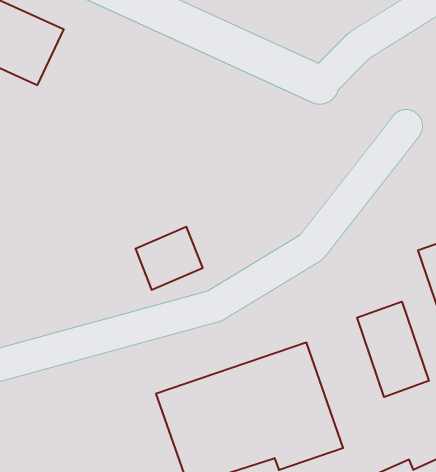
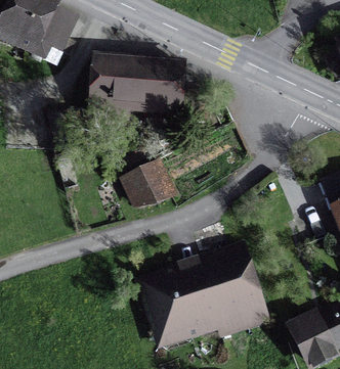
building: none -> [94,60,181,114]
building: [357,302,429,397] -> none

